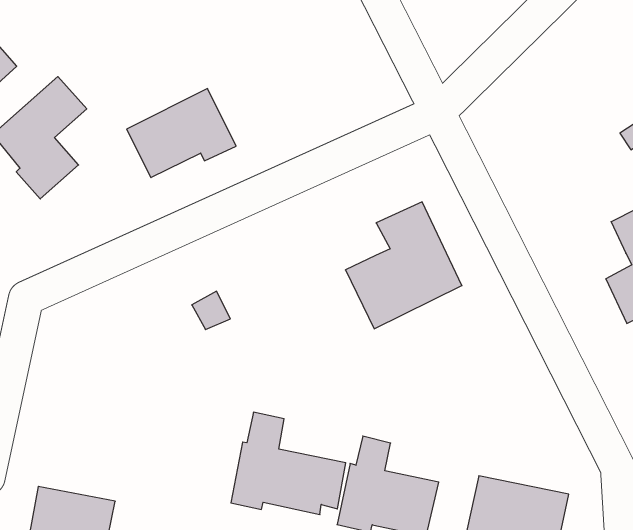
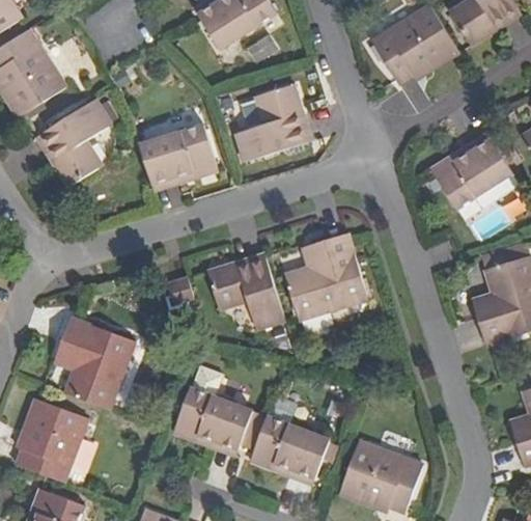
building: none -> [234,83,308,161]
building: none -> [430,137,512,208]
building: none -> [207,255,285,329]
building: none -> [57,318,136,409]

